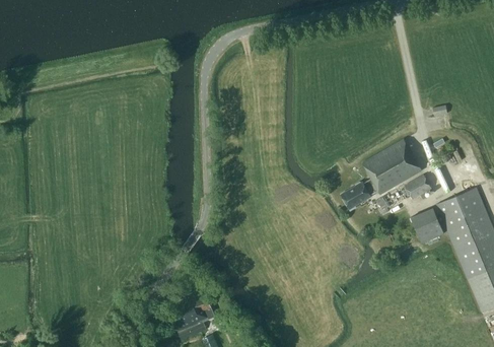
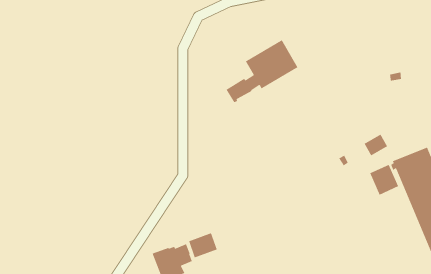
building: [341,140,422,211] -> [226,39,299,103]
building: none -> [188,232,218,259]

